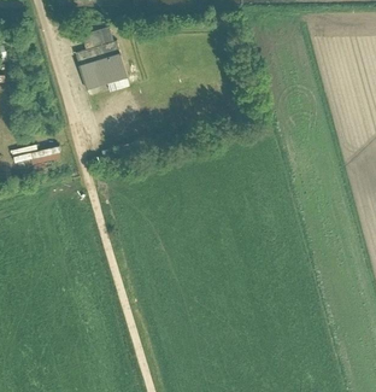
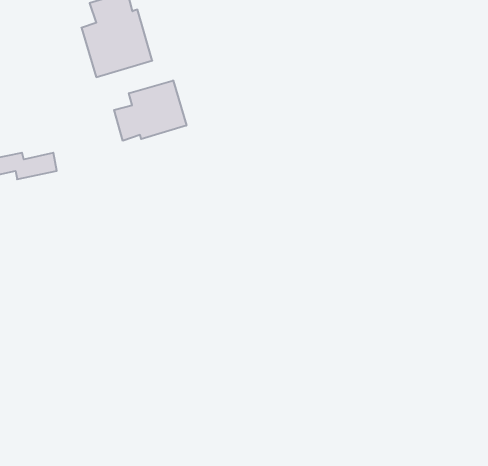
building: none -> [114,80,186,141]

